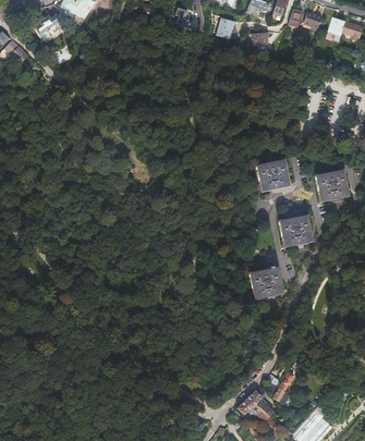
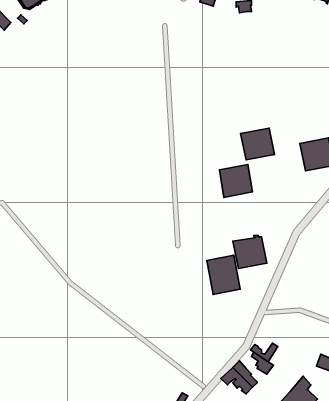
building: [279,215,312,247] -> [219,164,252,197]
building: none -> [207,255,240,295]

